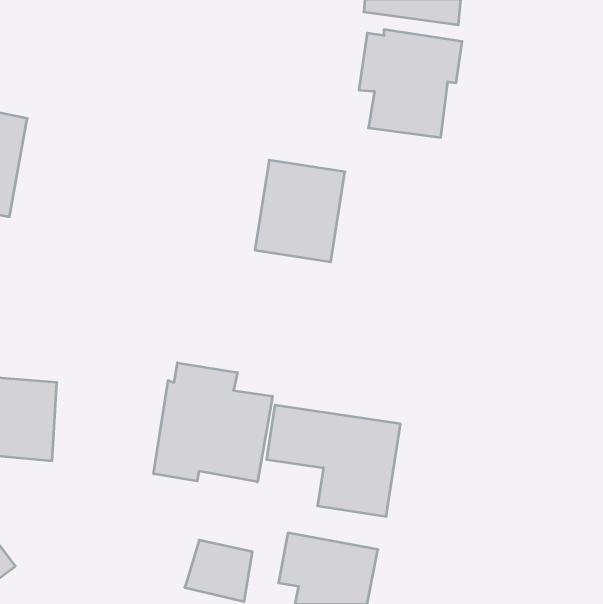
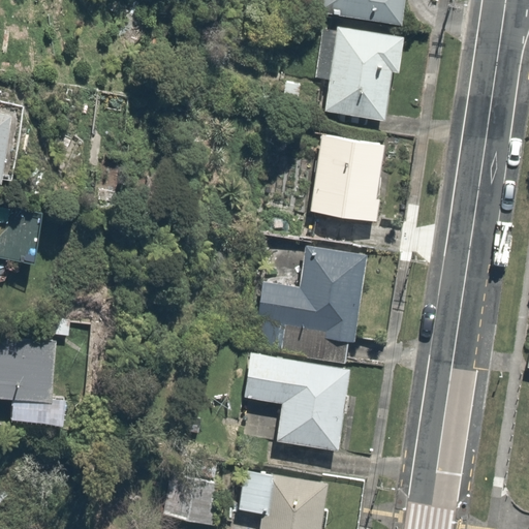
building: [255,160,345,262] -> [306,133,384,222]
building: none -> [243,250,369,353]
building: [154,363,272,482] -> none

